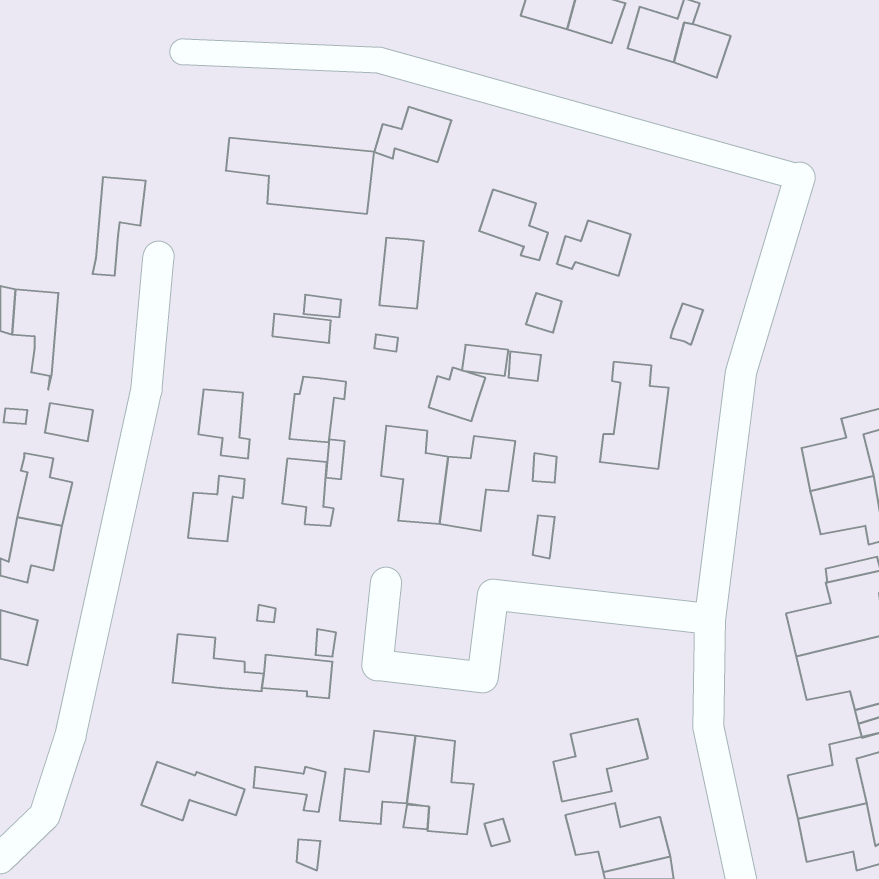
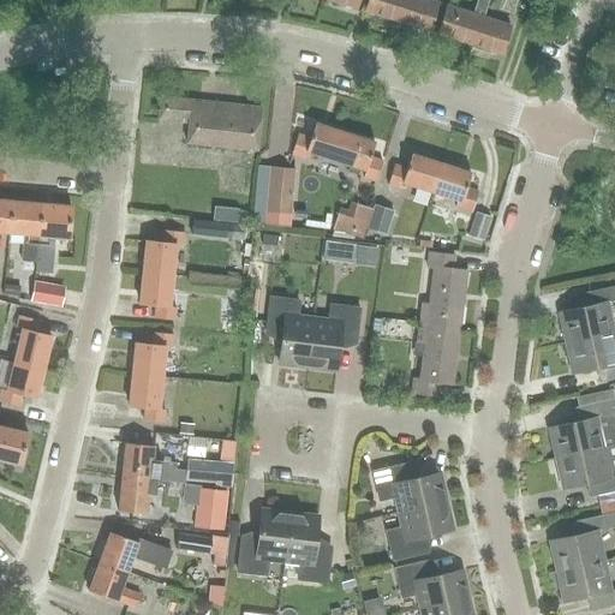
building: [374,107,452,162] -> [291,123,345,161]
building: [92,177,146,276] -> [35,204,72,273]
building: none -> [432,163,478,211]
building: [429,368,485,421] -> [334,201,374,238]
building: [289,377,346,442] -> [143,228,183,274]
building: [282,459,334,526] -> [129,375,165,422]
building: none -> [412,322,460,395]
building: none -> [374,464,446,512]
building: none -> [118,476,155,513]
building: none -> [195,486,228,532]
building: none -> [89,561,142,607]

